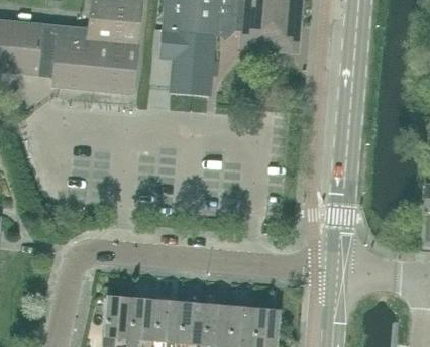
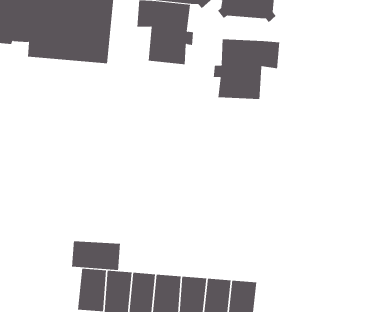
building: none -> [213,38,280,100]
building: none -> [71,240,121,271]

